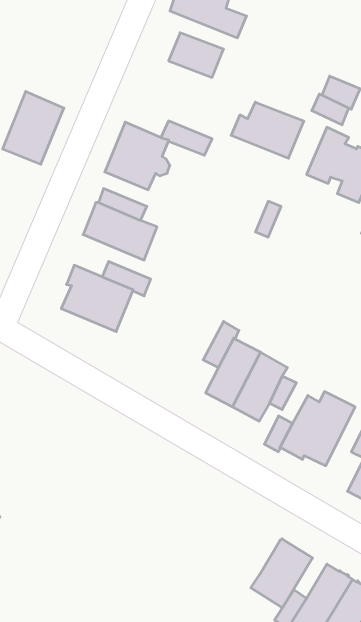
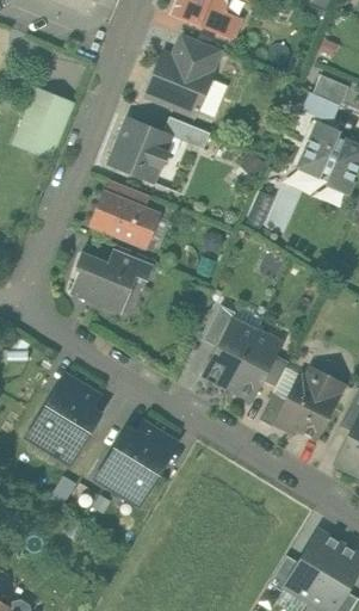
building: [231,102,304,158] -> [144,60,212,112]
building: none -> [26,375,99,463]
building: none -> [95,422,177,505]
building: [251,539,313,608] -> none

